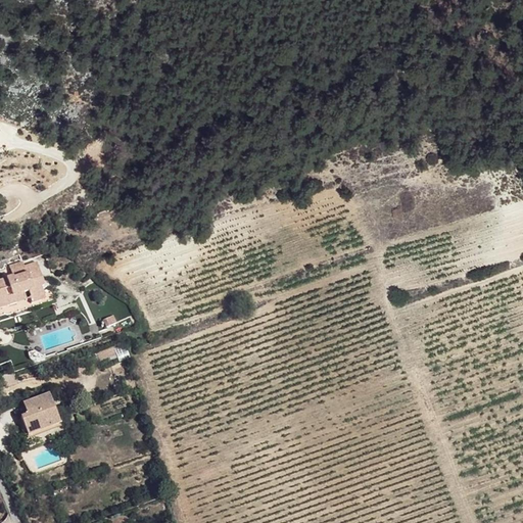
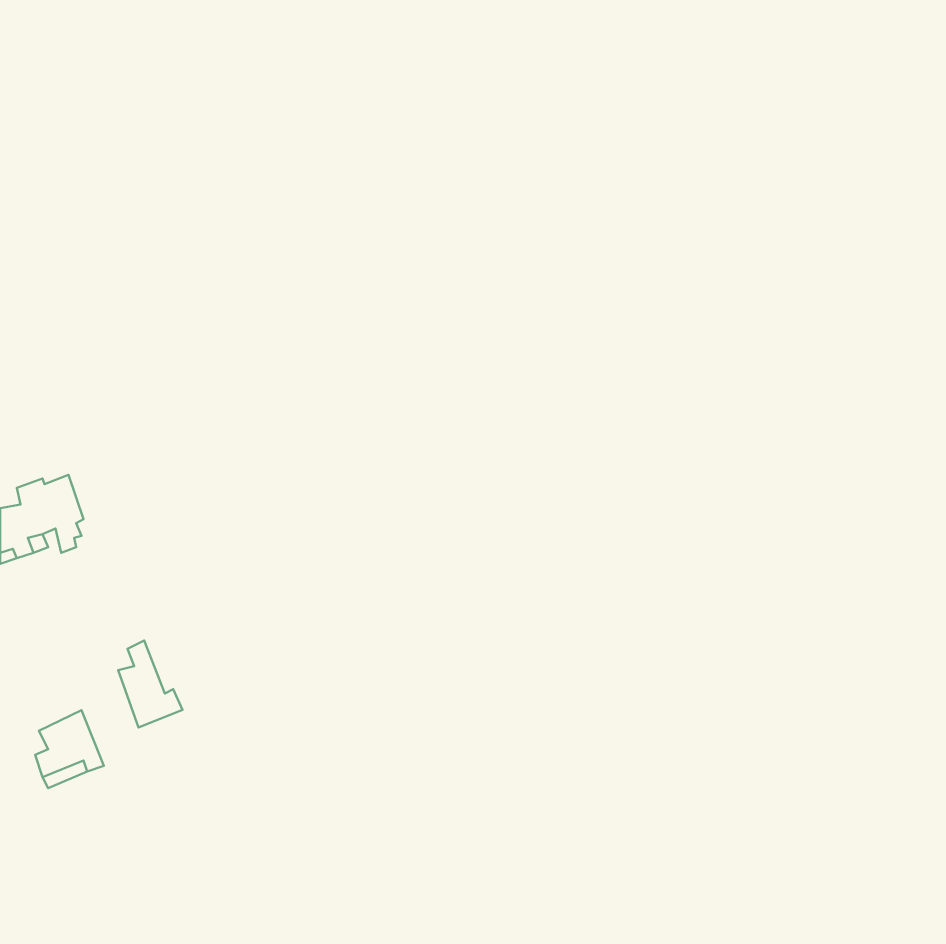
building: none -> [118,640,182,727]

